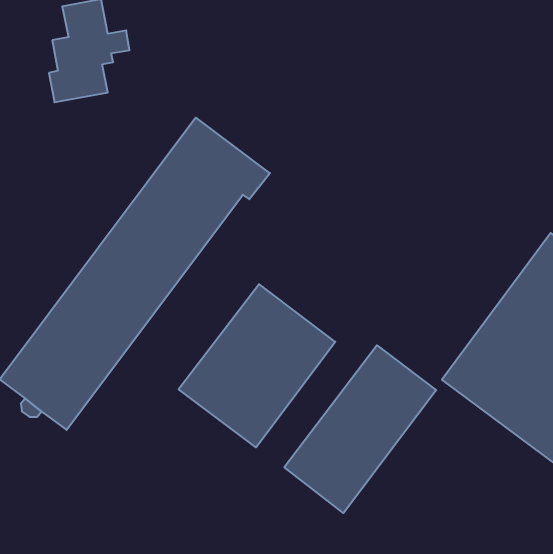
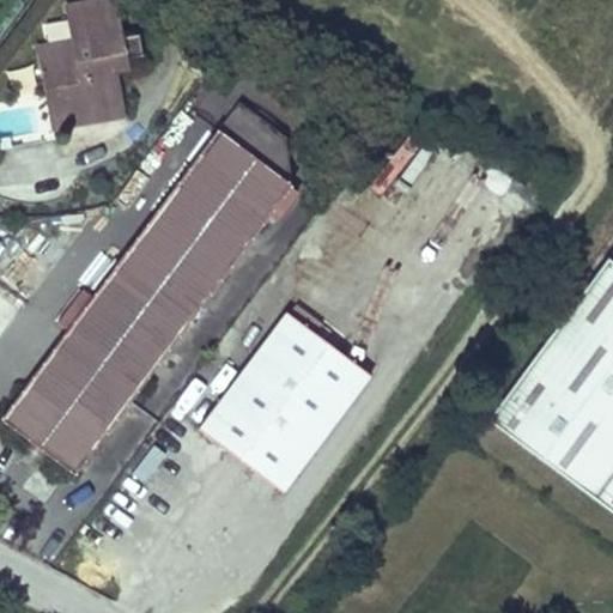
building: none -> [40,44,125,127]
building: [284,345,436,513] -> none

